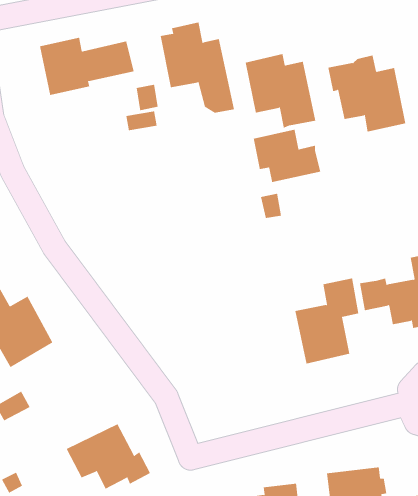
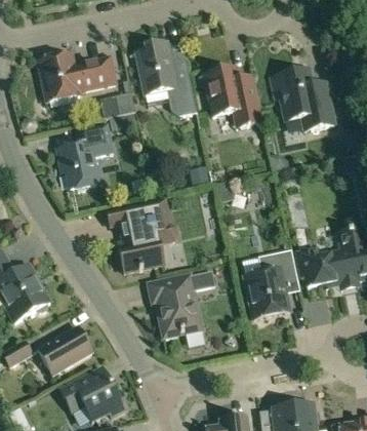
building: none -> [57,124,112,190]
building: [253,129,321,183] -> none
building: none -> [107,198,176,272]
building: none -> [149,271,214,336]
building: none -> [38,326,91,374]

